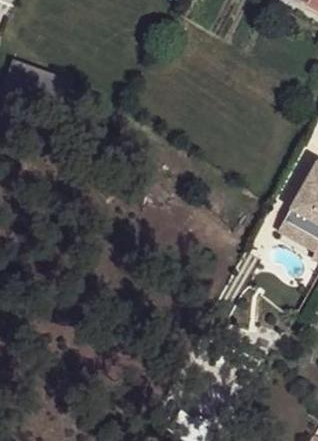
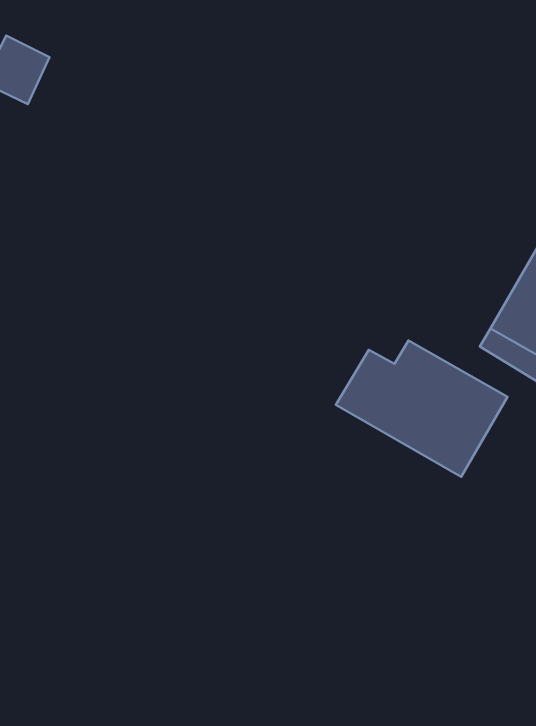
building: none -> [336,341,507,477]

